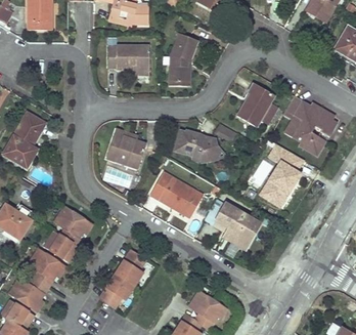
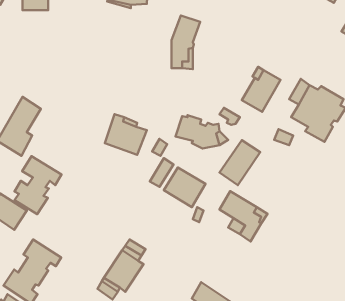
building: [108,45,149,69] -> none
building: [260,162,299,205] -> [220,140,260,185]
building: [47,205,92,260] -> [15,156,62,214]

